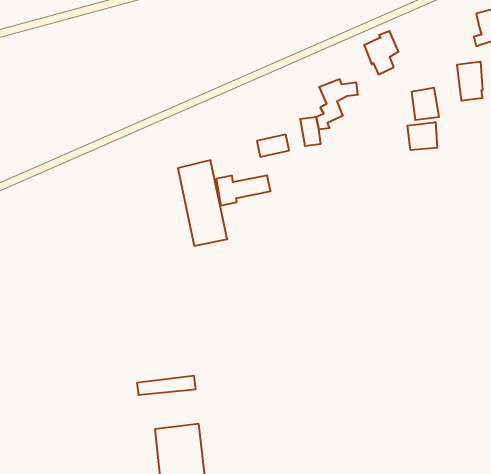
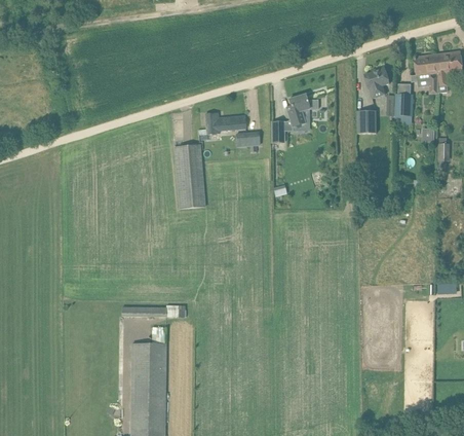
building: [364,31,399,74] -> [364,66,390,98]
building: [407,122,437,150] -> none
building: [216,175,271,205] -> [205,112,245,134]

